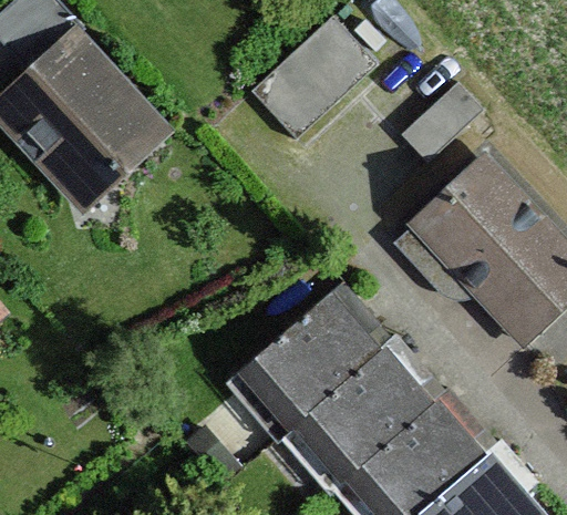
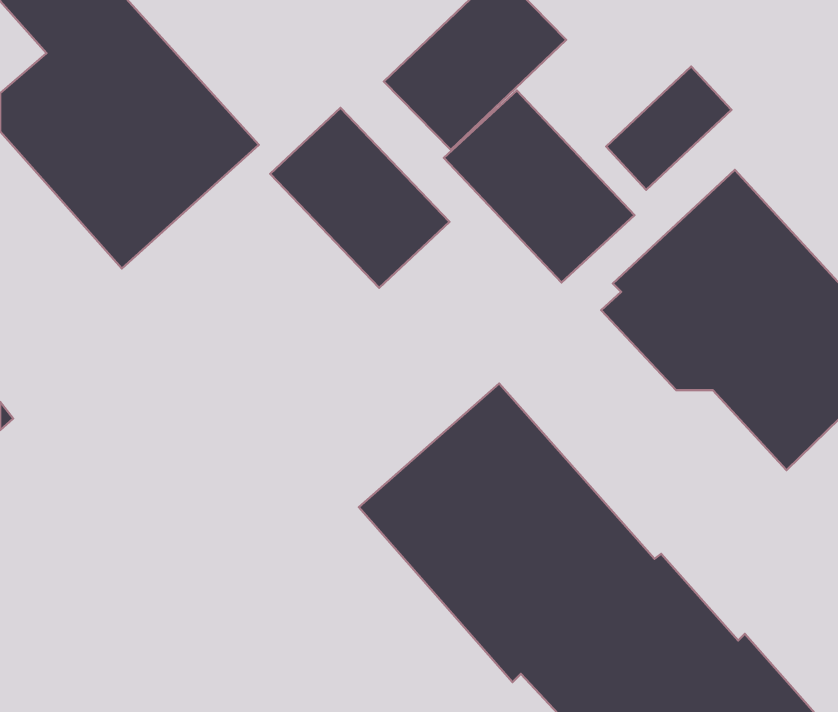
building: none -> [444,91,634,283]
building: none -> [270,108,450,288]

